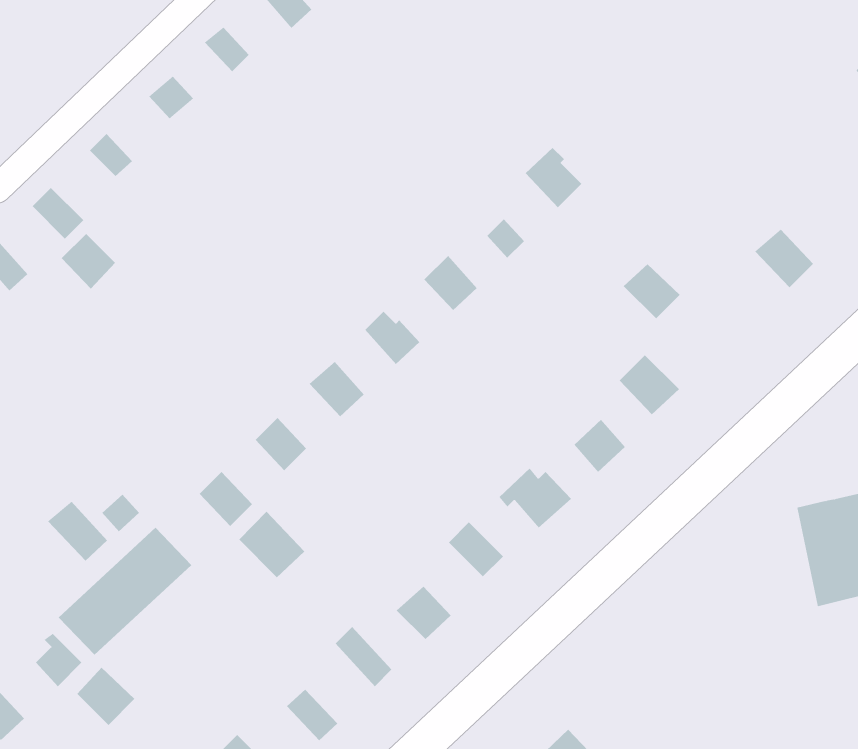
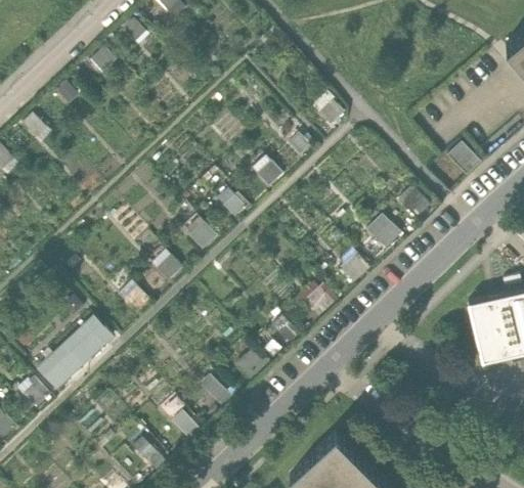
building: [61,233,116,290] -> none
building: [623,263,680,319] -> [396,183,430,216]
building: [47,501,108,561] -> none
building: [238,511,305,578] -> none
building: [77,667,135,726] -> none

